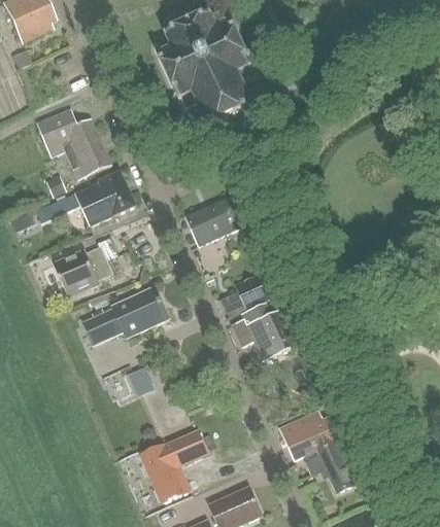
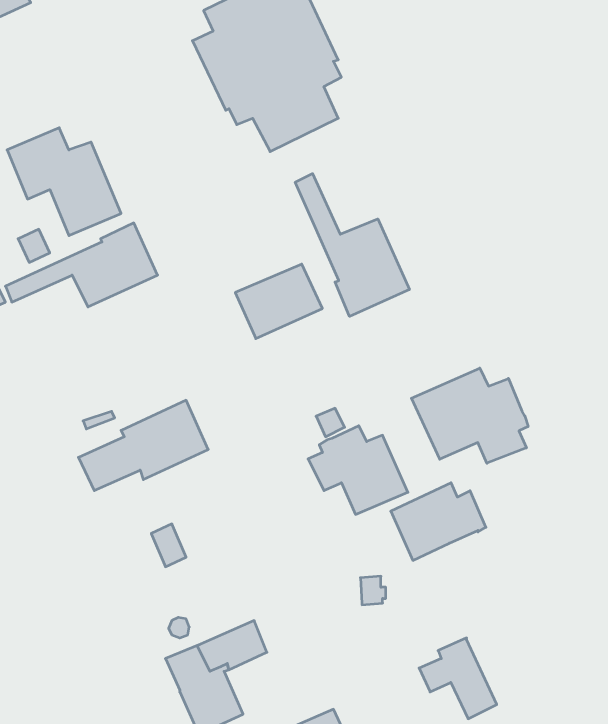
building: none -> [295,174,409,316]
building: [53,236,125,295] -> none
building: none -> [411,368,528,463]
building: [278,409,340,459] -> [391,483,486,560]

